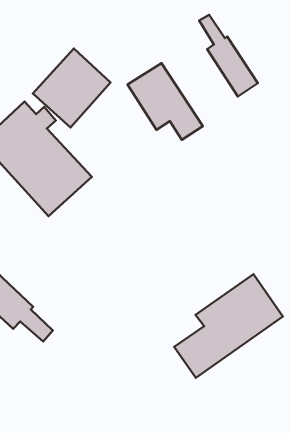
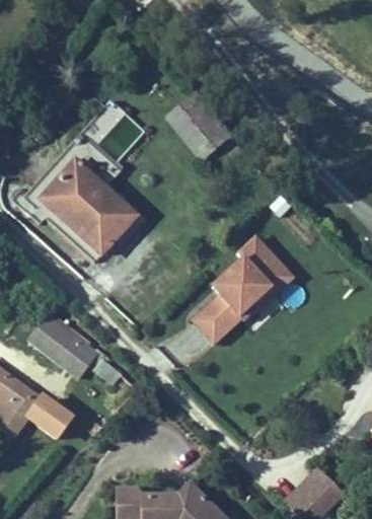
building: [199,15,258,97] -> none
building: [174,274,283,378] -> [191,229,295,340]

